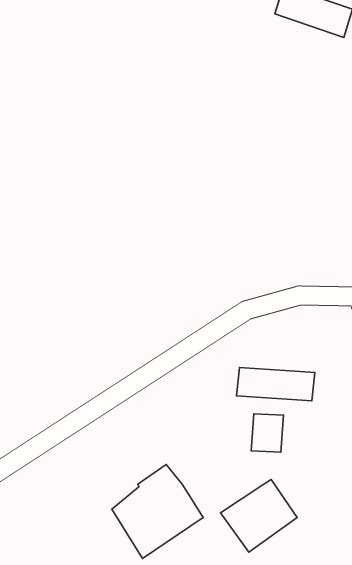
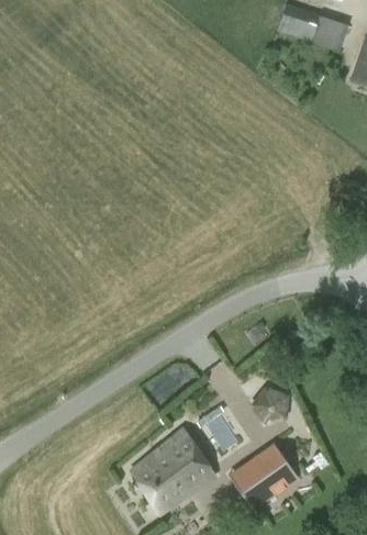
building: [237,367,315,401] -> none
building: none -> [200,406,241,449]

